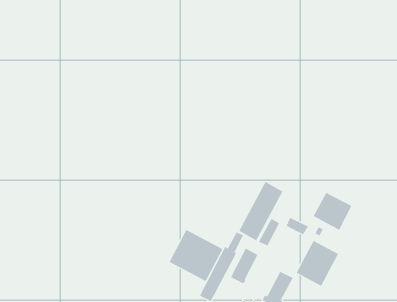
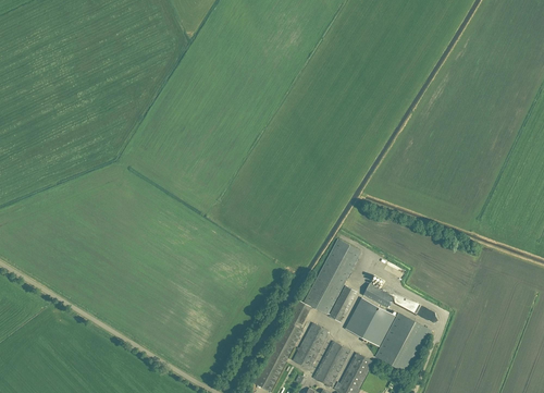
building: [313,192,352,231] -> [345,298,395,347]
building: [169,229,223,282] -> none
building: none -> [313,341,350,386]

